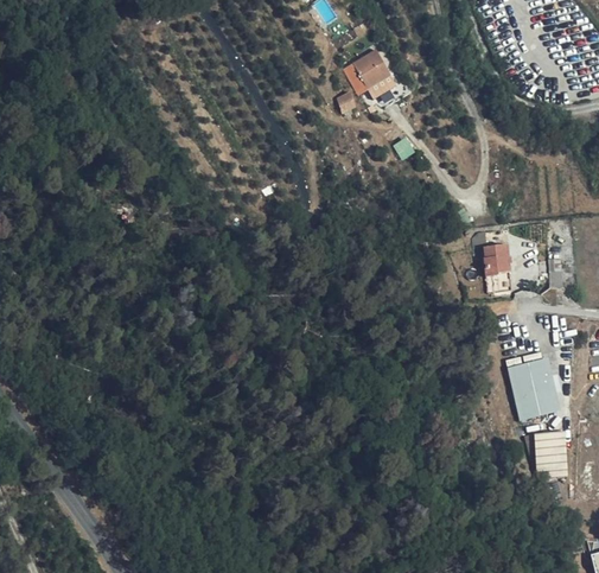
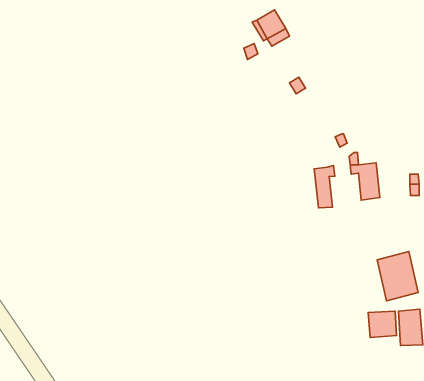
building: none -> [314,166,335,208]
building: none -> [368,311,396,337]

